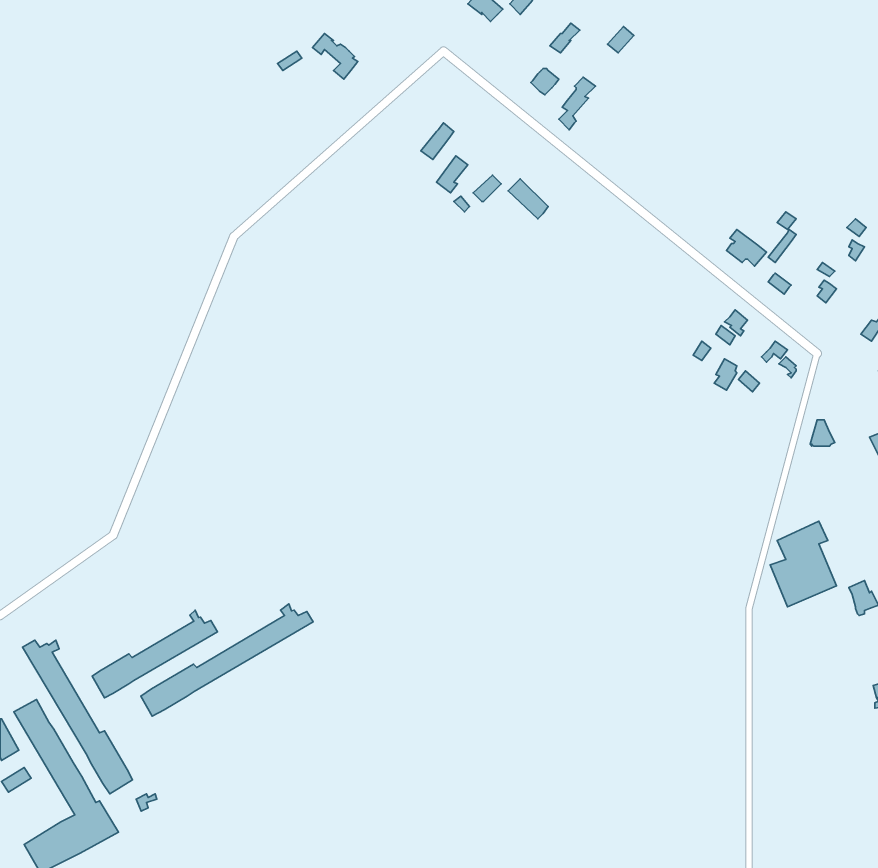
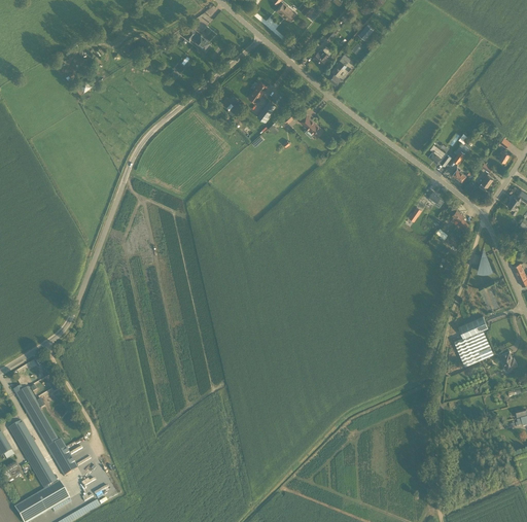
building: [141,604,313,716] -> none
building: [92,610,218,698] -> none

